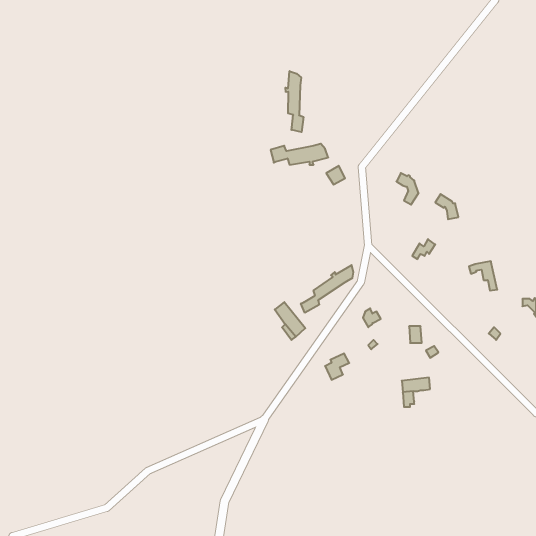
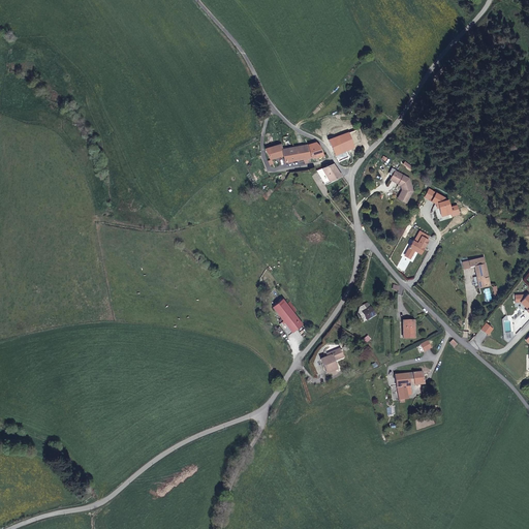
building: [285,71,303,132] -> none
building: none -> [331,132,353,161]
building: [301,265,353,313] -> none

